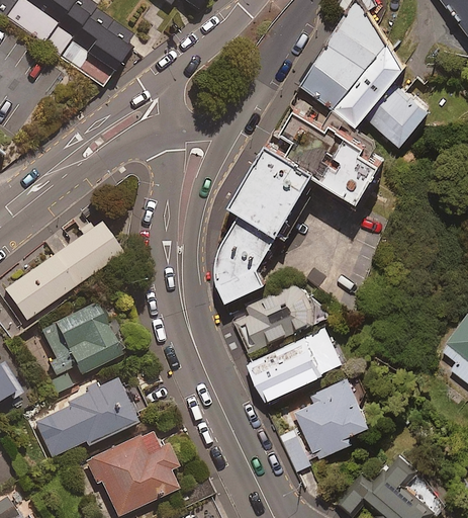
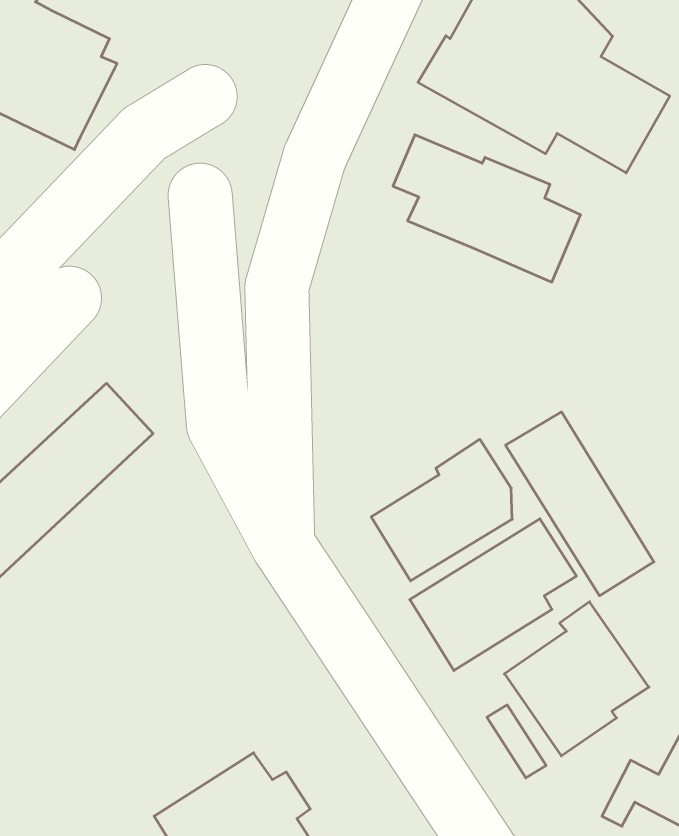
building: [211,146,313,299] -> none
building: none -> [506,412,654,596]
building: [40,298,122,371] -> none
building: [35,381,137,457] -> none

